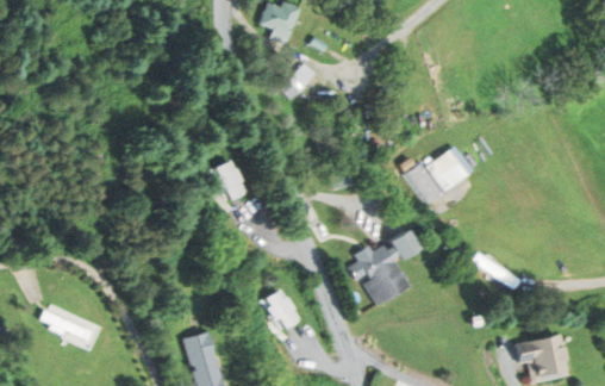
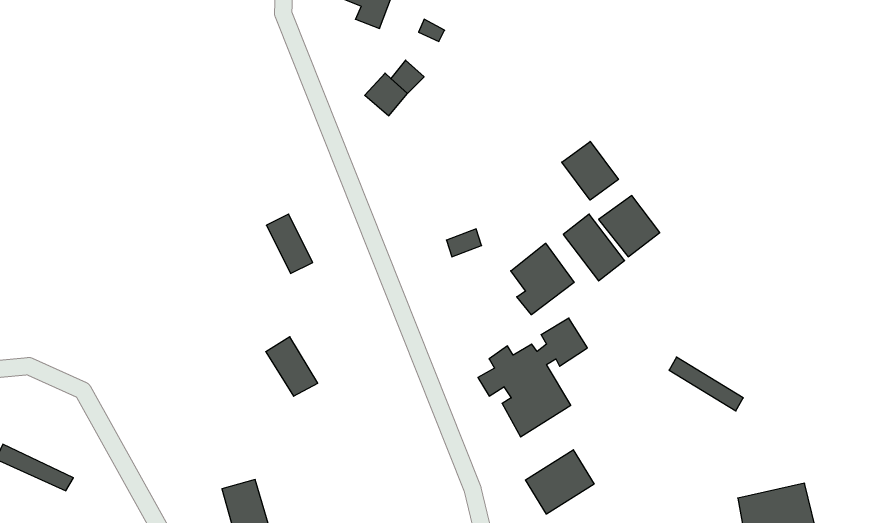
building: none -> [562,141,618,200]
building: none -> [511,243,574,315]
building: [264,291,298,329] -> [266,337,318,396]
building: none -> [525,450,594,514]

